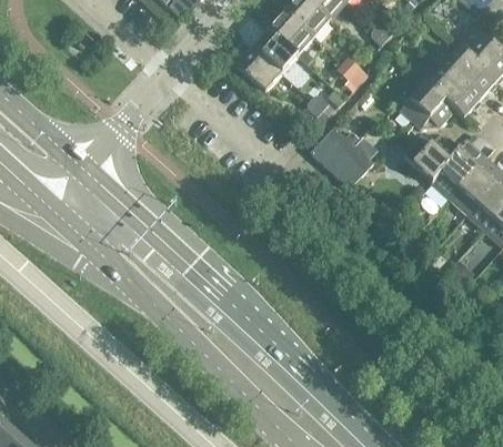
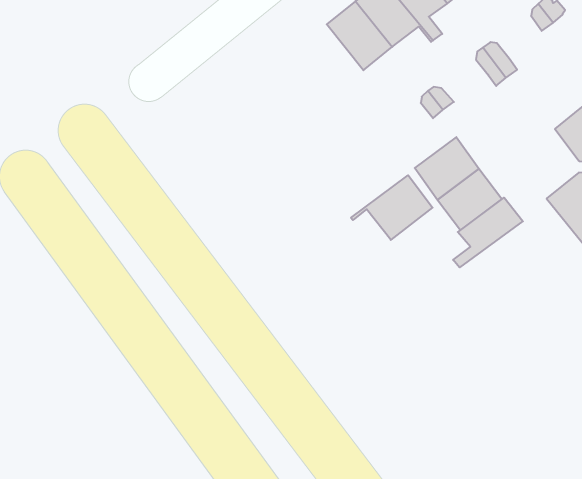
building: none -> [351,175,433,240]
building: none -> [453,198,523,267]

